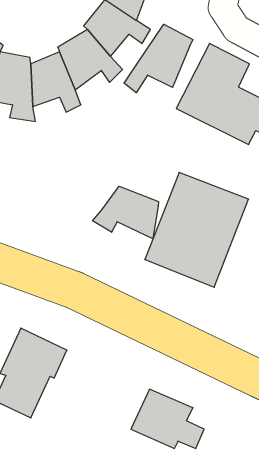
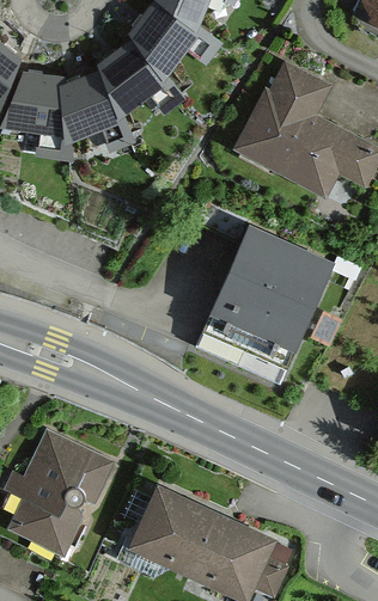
building: [124,24,193,93] -> none
building: [93,186,159,239] -> none
building: none -> [130,483,209,559]

